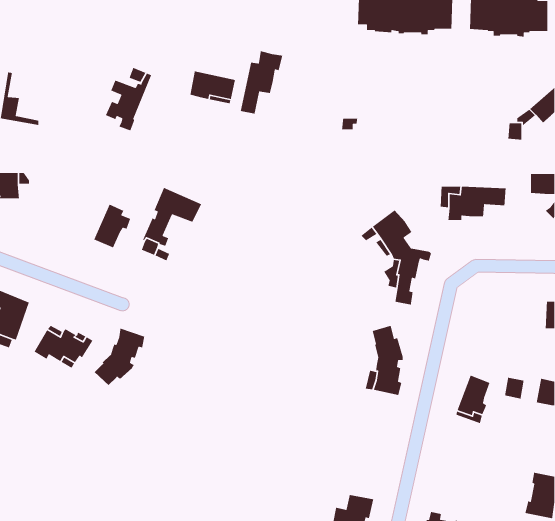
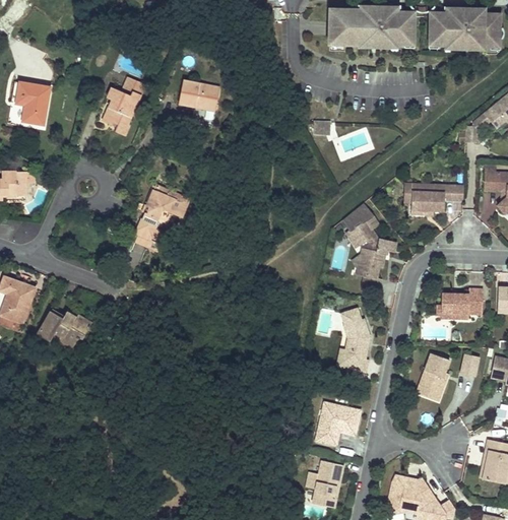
building: [240,50,283,114] -> none
building: none -> [16,81,50,124]
building: [93,203,131,249] -> none
building: none -> [436,287,484,318]
building: [94,328,145,386] -> none
building: none -> [315,402,360,445]

